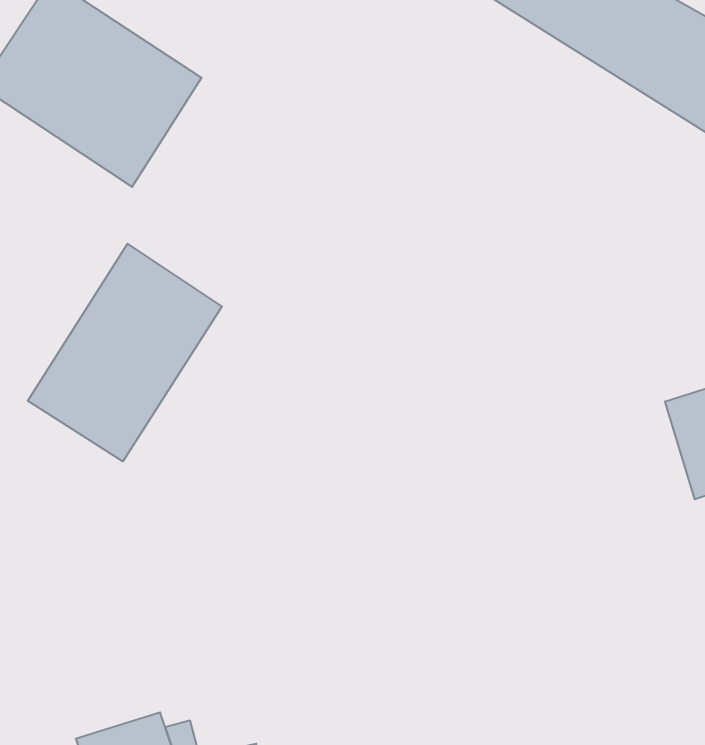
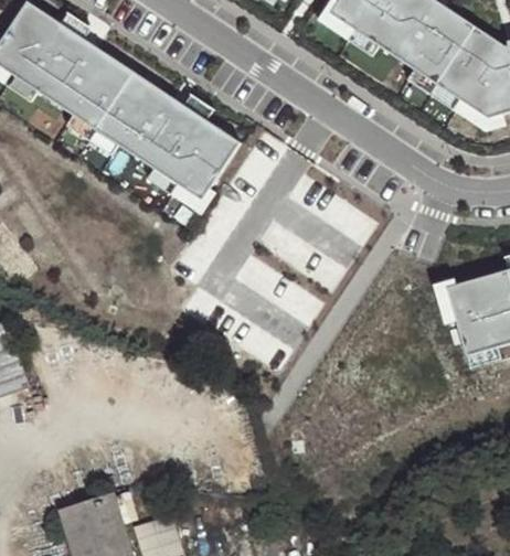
building: none -> [93,70,246,208]
building: [28,244,222,461] -> none

